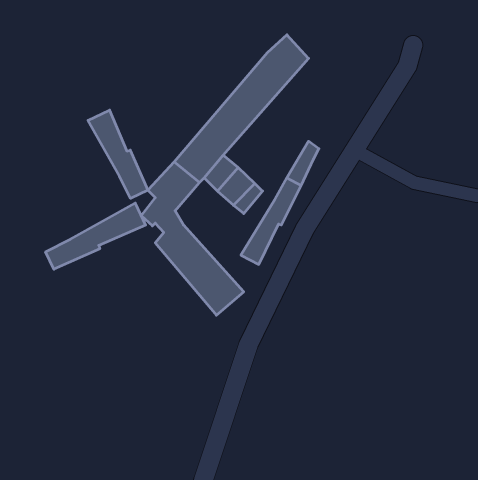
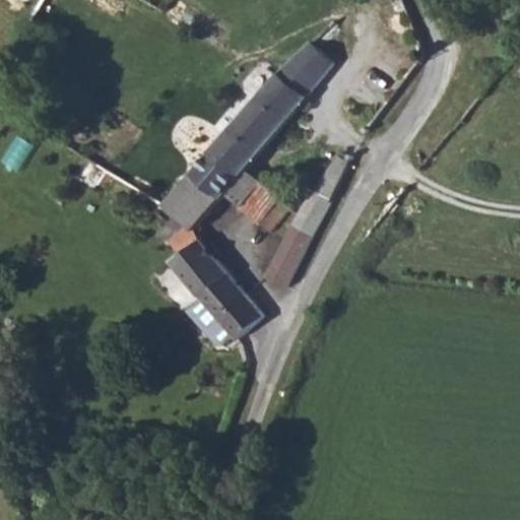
building: [88,110,148,198] -> none
building: [46,203,146,269] -> none

